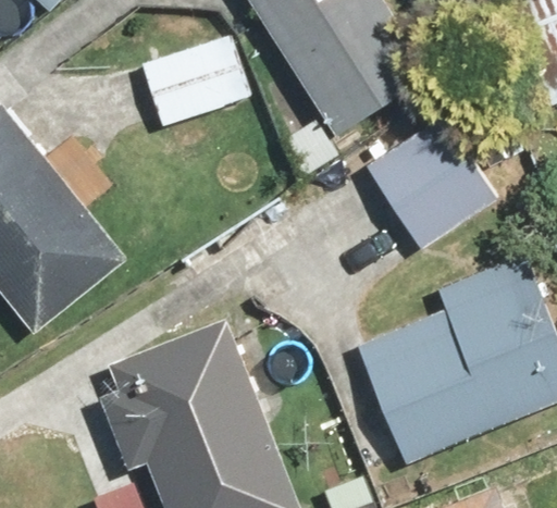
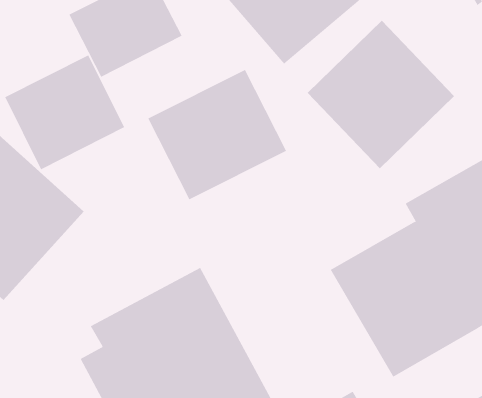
building: none -> [5,55,125,170]
building: none -> [148,69,287,200]

